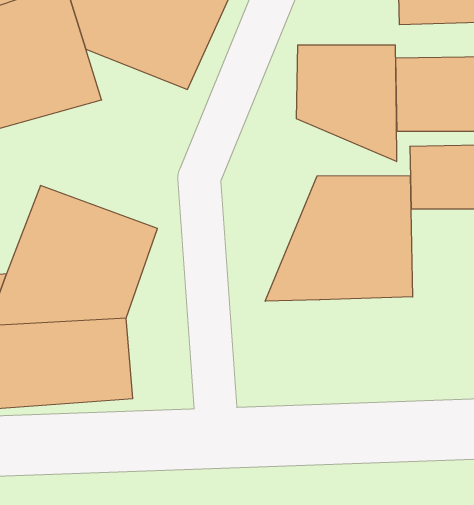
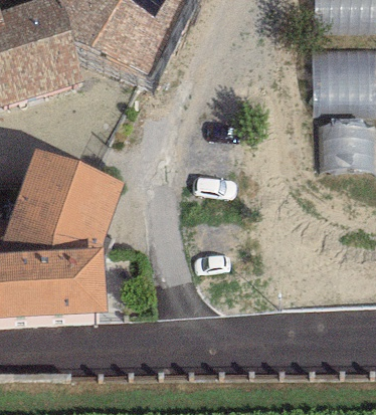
building: [297,45,397,162] -> none
building: [265,176,413,301] -> none

